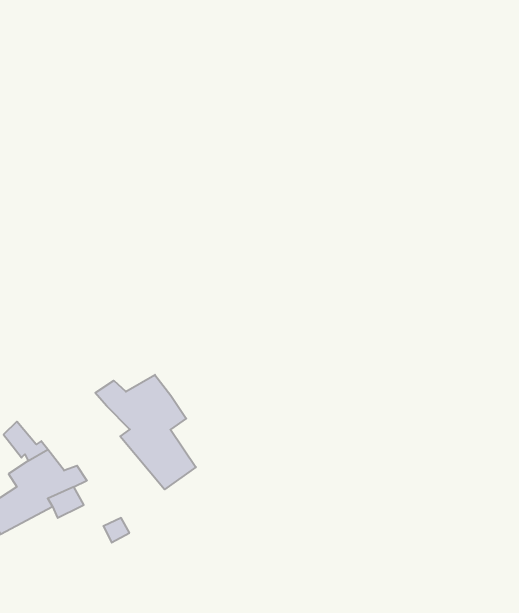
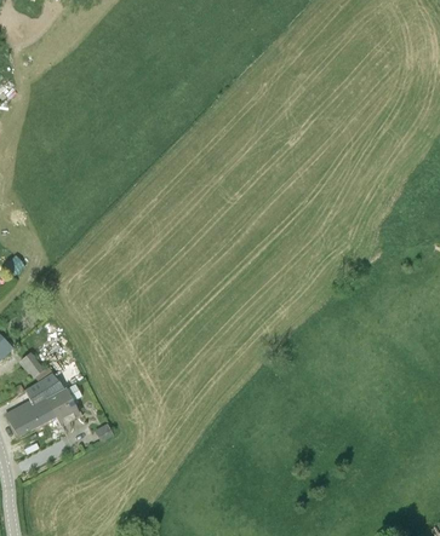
building: [95,375,196,489] -> none

